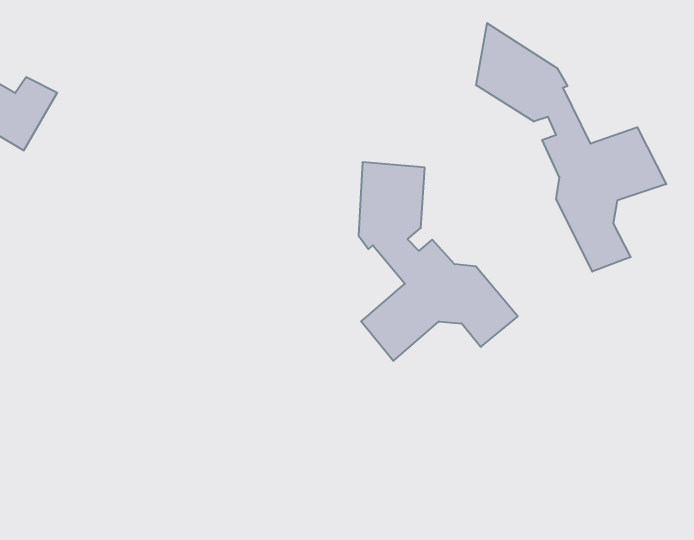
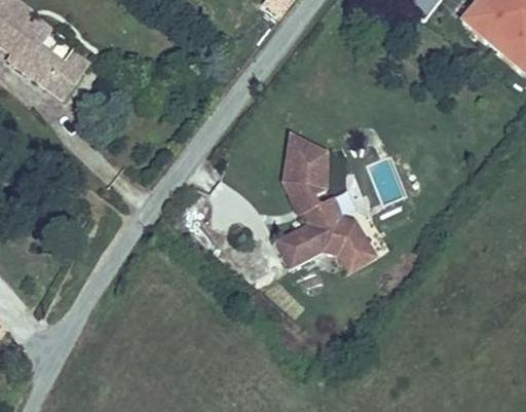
building: [476,23,666,272] -> none

